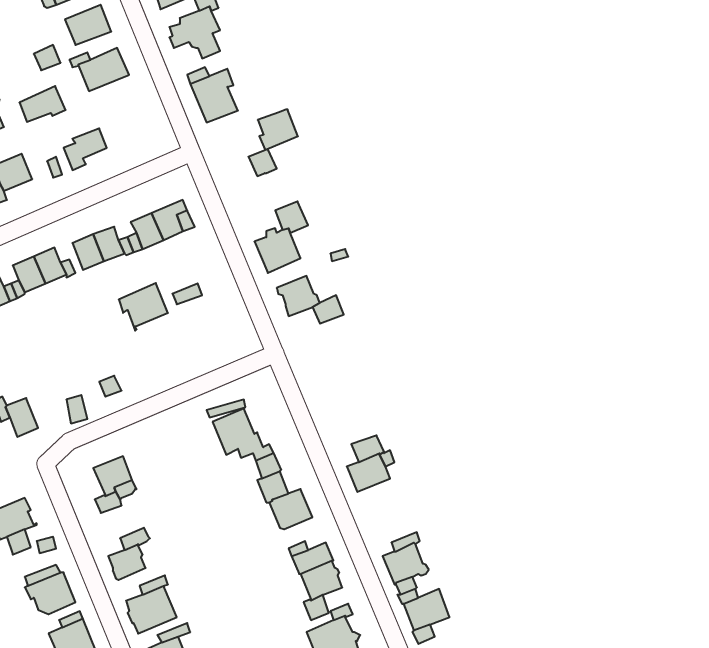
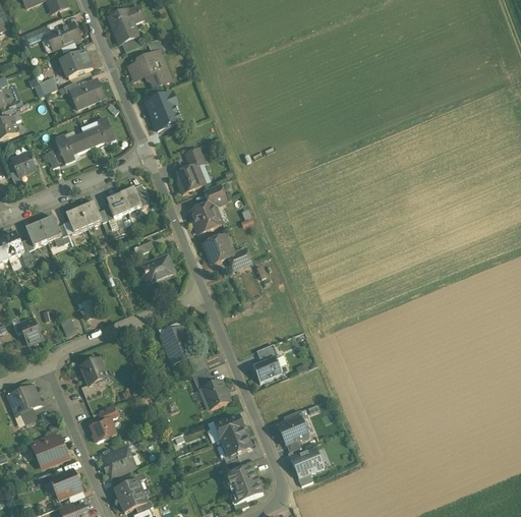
building: [19,86,66,122] -> [83,122,115,147]
building: [258,109,298,150] -> [177,164,205,191]
building: [119,283,168,331] -> [141,252,175,285]

